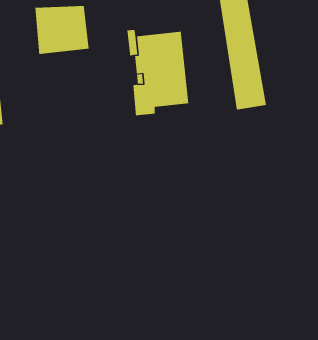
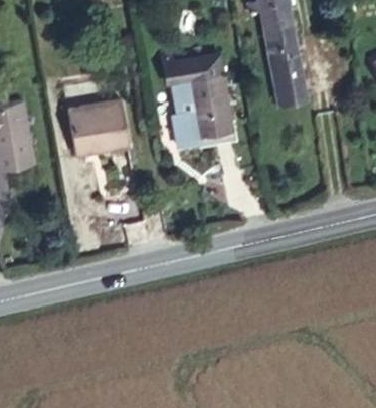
building: [35,5,89,55] -> [70,91,128,143]

